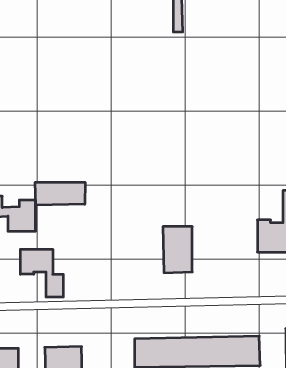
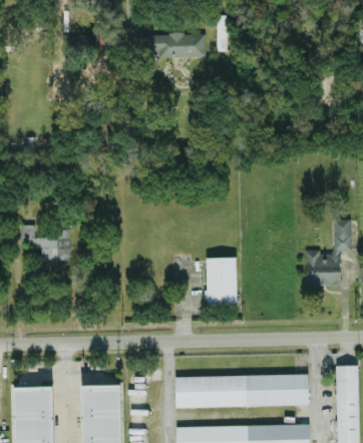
building: none -> [146,33,206,57]
building: [35,182,85,205] -> none
building: [20,249,63,297] -> none

